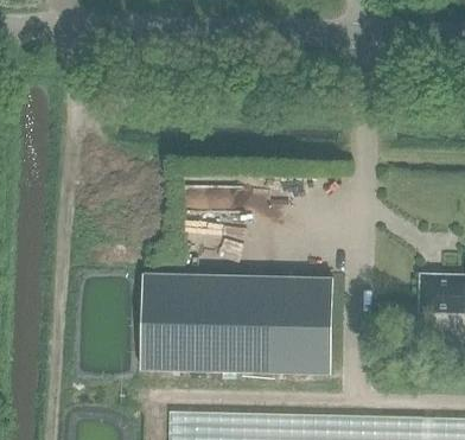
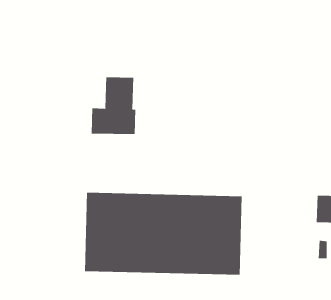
building: none -> [91,76,136,135]

